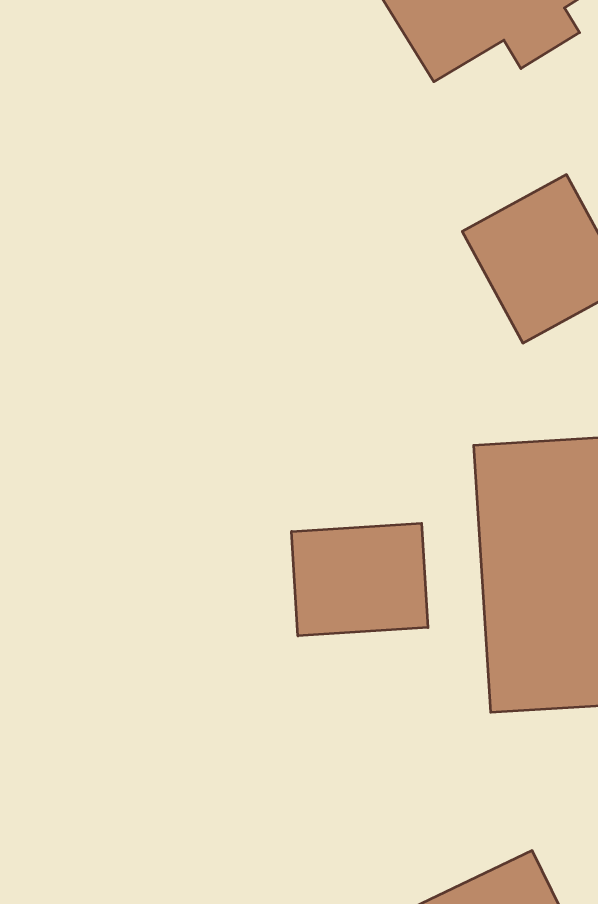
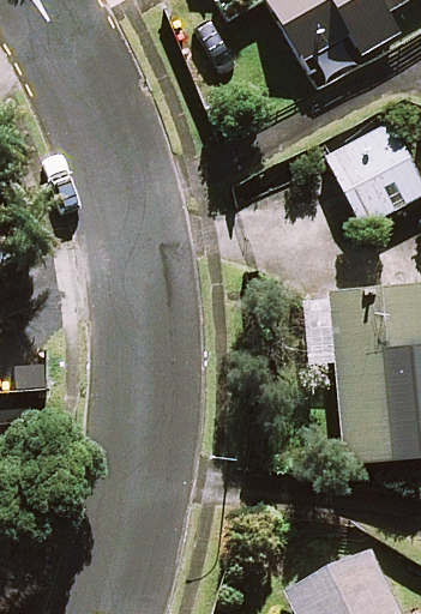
building: [292,523,428,636] -> none

